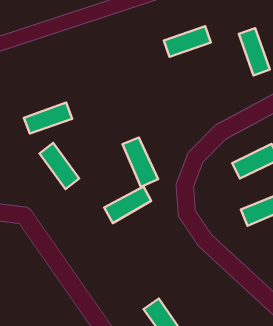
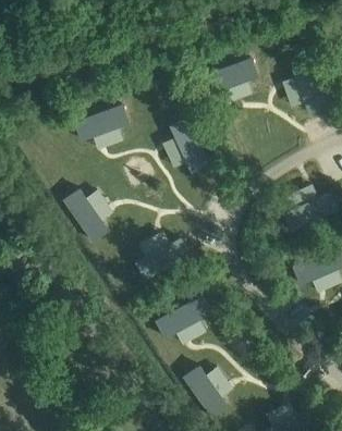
building: [24,103,72,133] -> [74,104,129,139]
building: [122,138,158,187] -> [170,118,210,173]
building: none -> [156,297,209,338]

